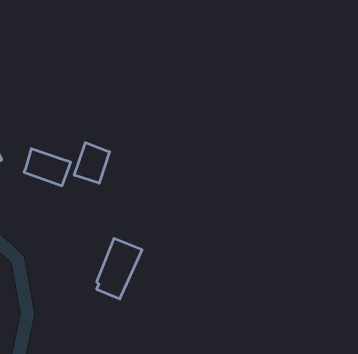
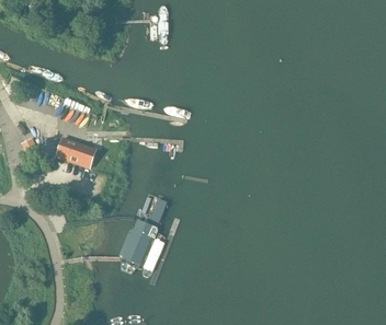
building: [74,143,110,183] -> none

